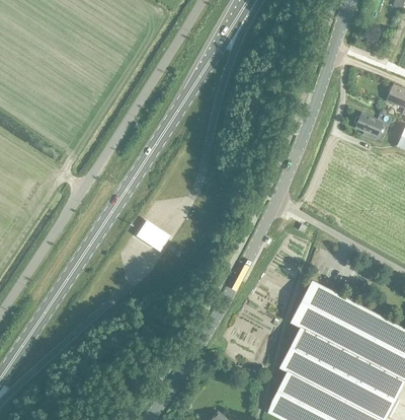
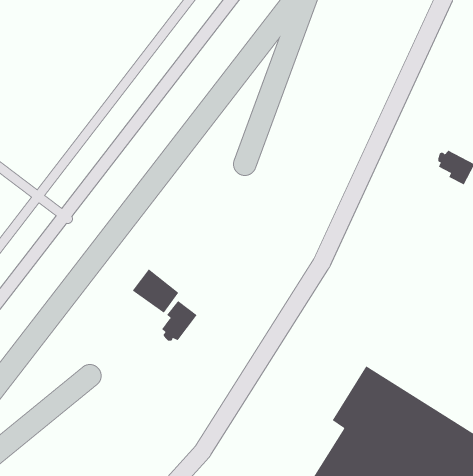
building: none -> [161,300,198,342]

